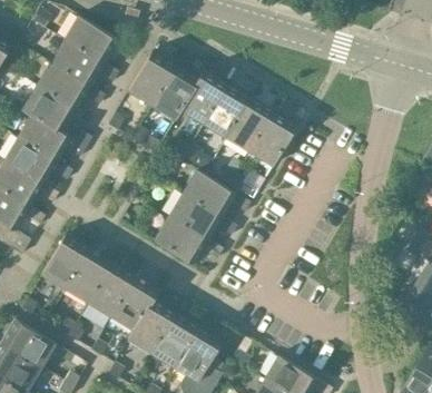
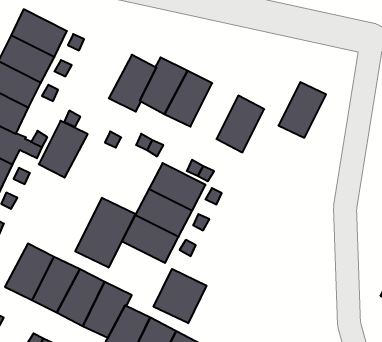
building: [127,52,175,106] -> [39,121,88,178]
building: [225,99,272,151] -> [278,82,326,138]
building: none -> [75,198,135,268]
building: none -> [154,269,206,323]

